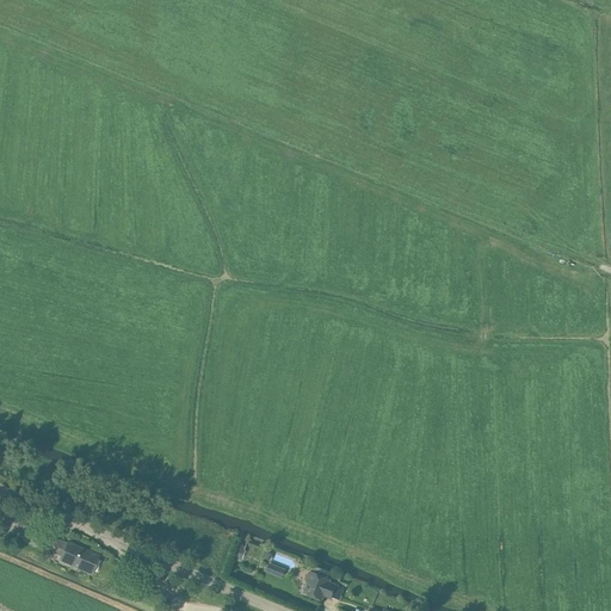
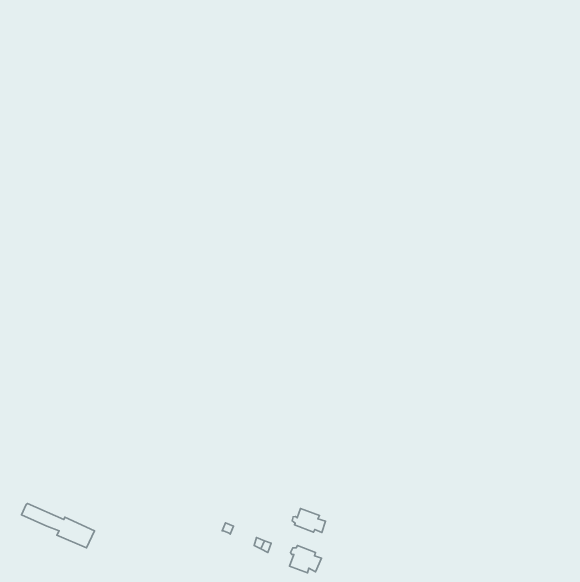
building: none -> [292,509,325,532]

